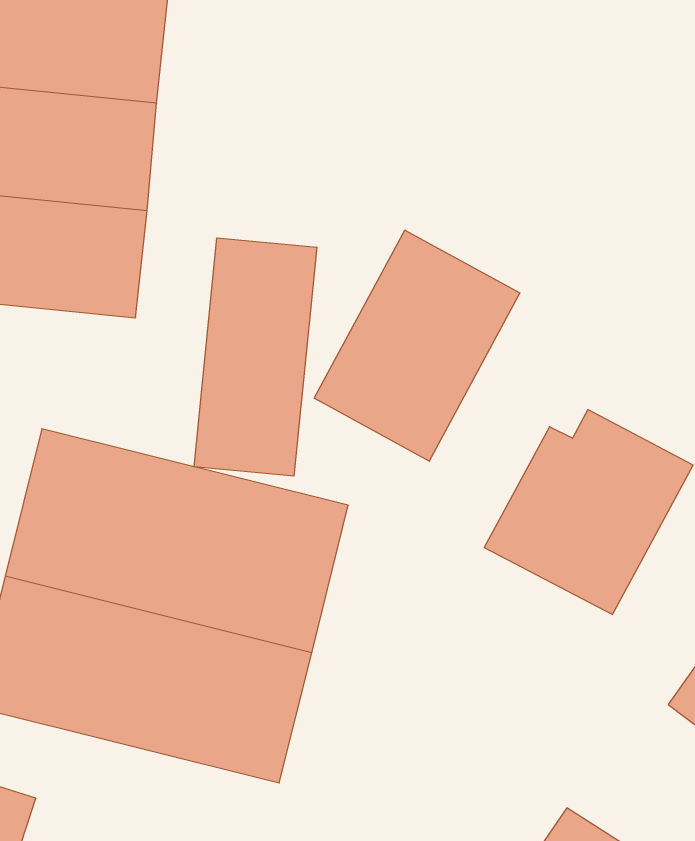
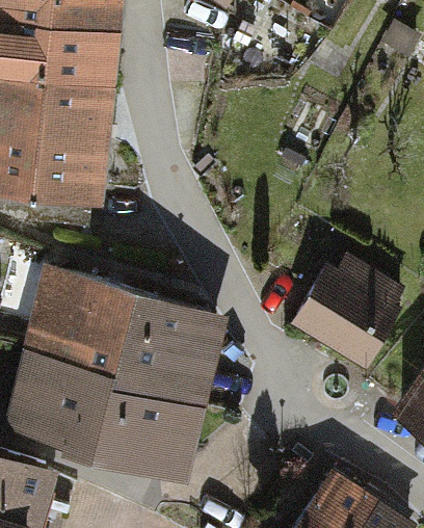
building: [314,230,520,461] -> none
building: [194,238,317,476] -> none

